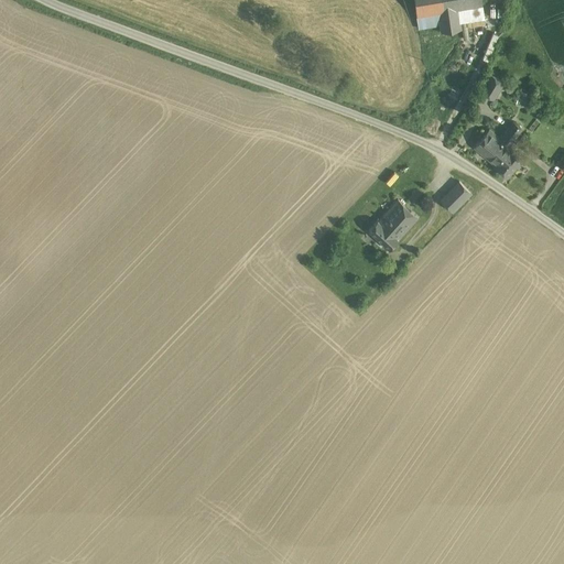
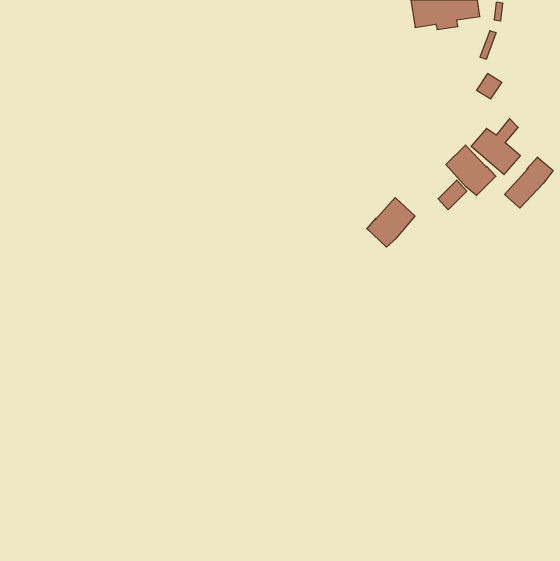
building: none -> [446,145,496,196]
building: none -> [505,157,553,208]

